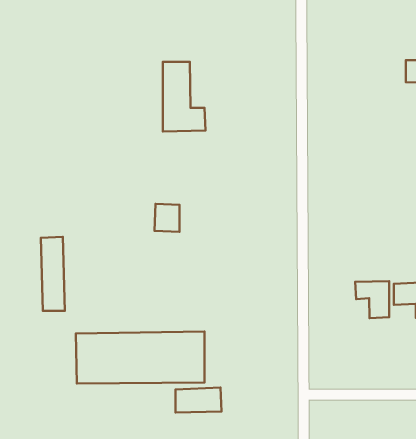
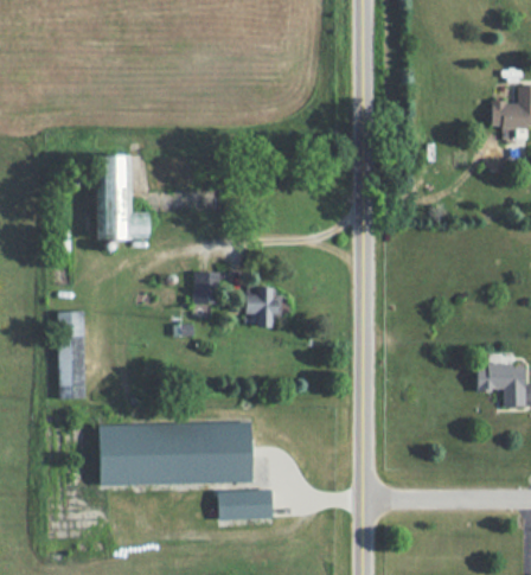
building: [163,62,206,132] -> [98,156,149,239]
building: none -> [245,287,282,327]
building: [355,281,389,318] -> none

